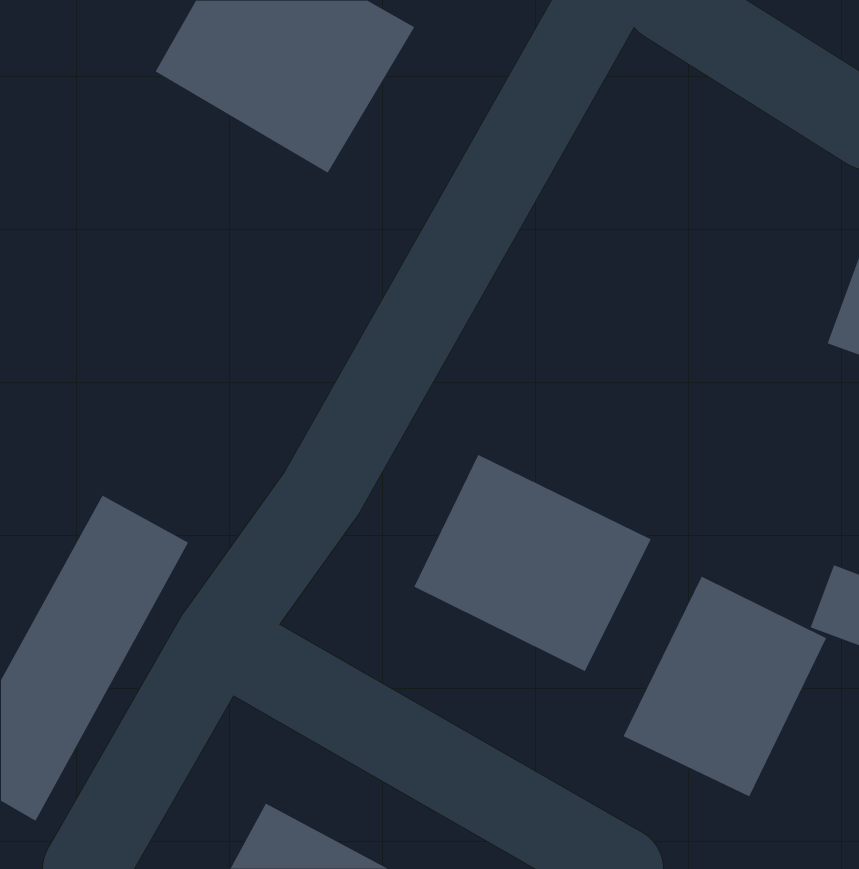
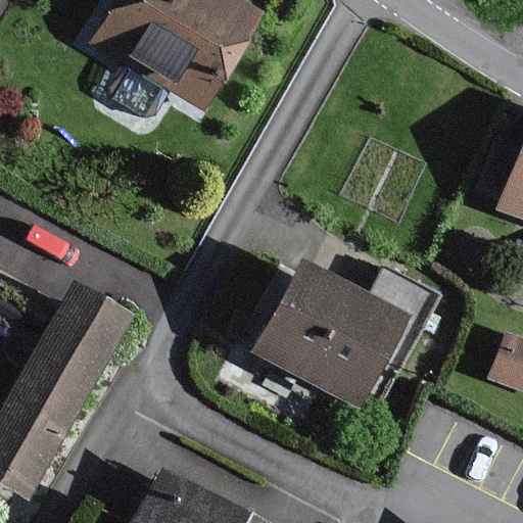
building: [623,576,827,797] -> none

